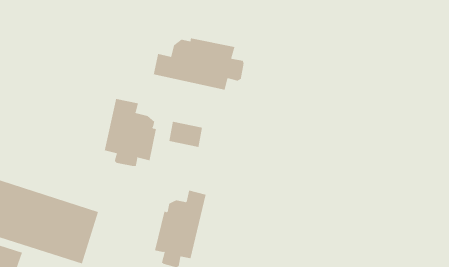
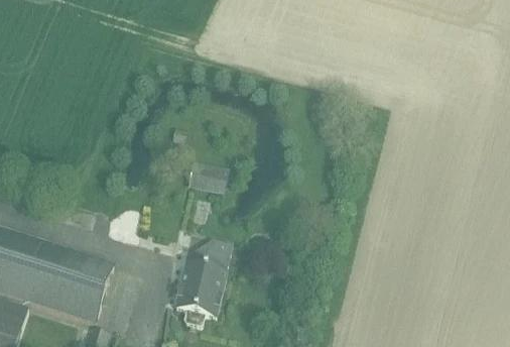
building: [153,37,244,90] -> none
building: [104,98,157,167] -> none

